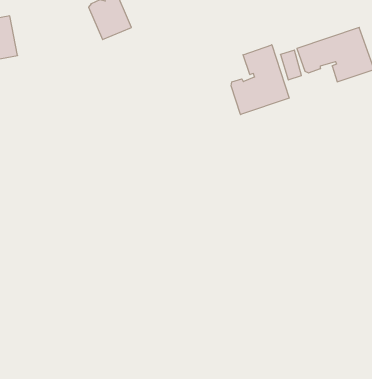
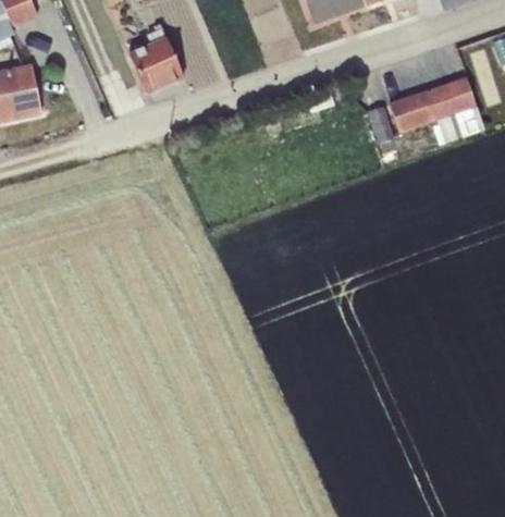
building: [231,45,289,115] -> none

